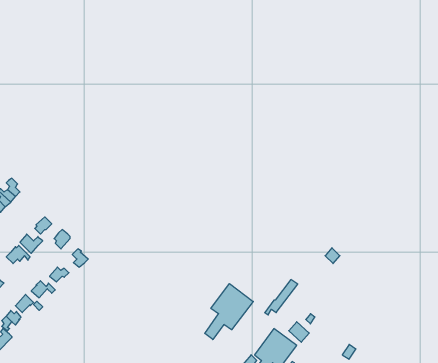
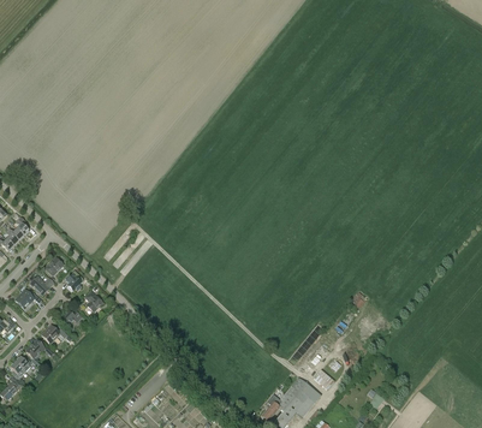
building: [205,284,253,340] -> none

